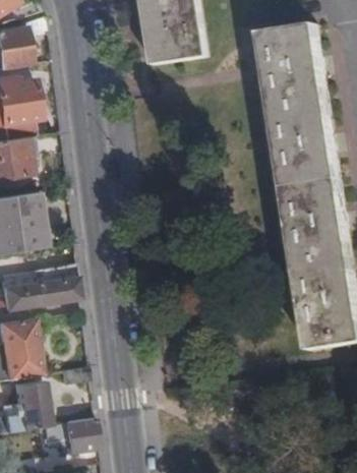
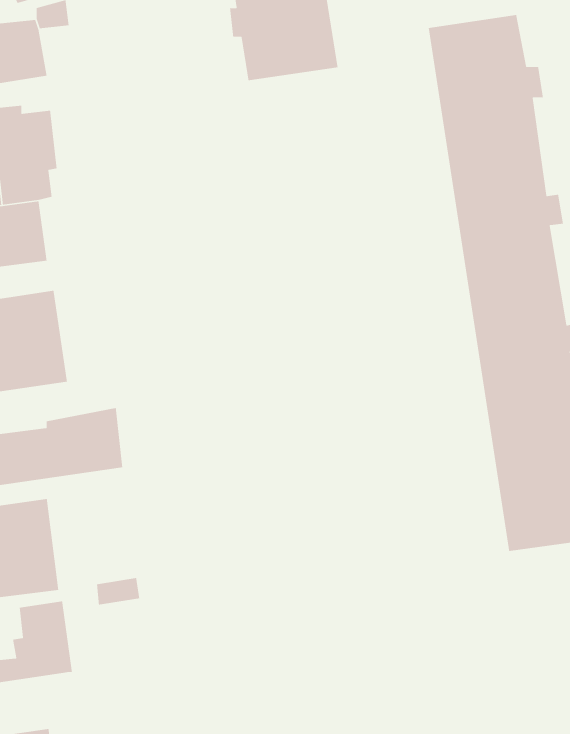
building: [45,417,97,453] -> none

